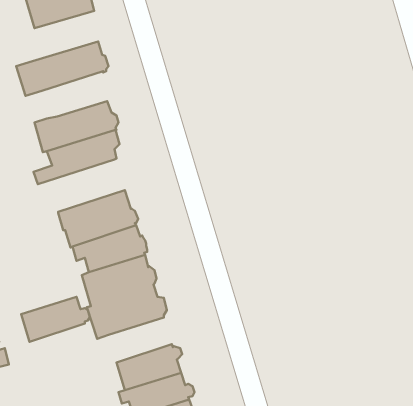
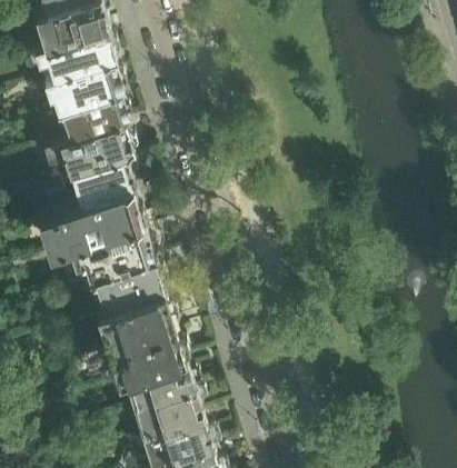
building: none -> [32,28,117,81]
building: none -> [51,92,128,143]
building: none -> [38,188,141,251]
building: [21,297,90,342] -> [123,359,198,408]

